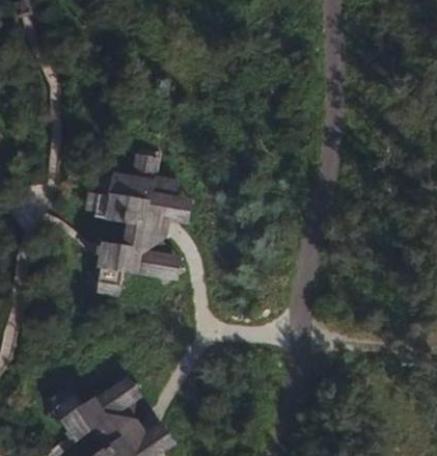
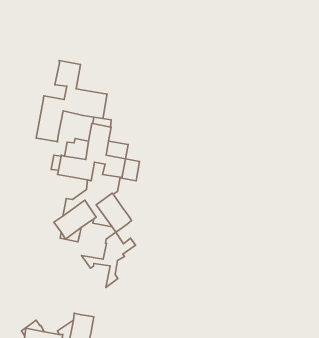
building: none -> [36,61,107,142]
building: none -> [81,232,135,287]

